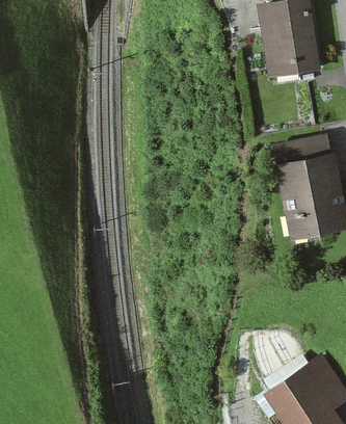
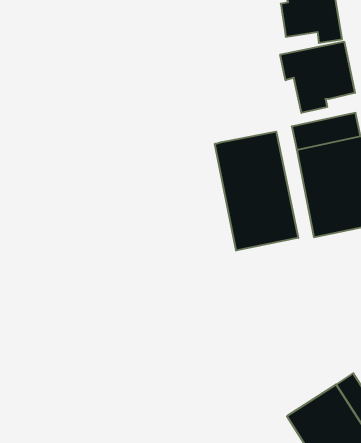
building: none -> [280,42,355,113]
building: none -> [215,132,298,251]

